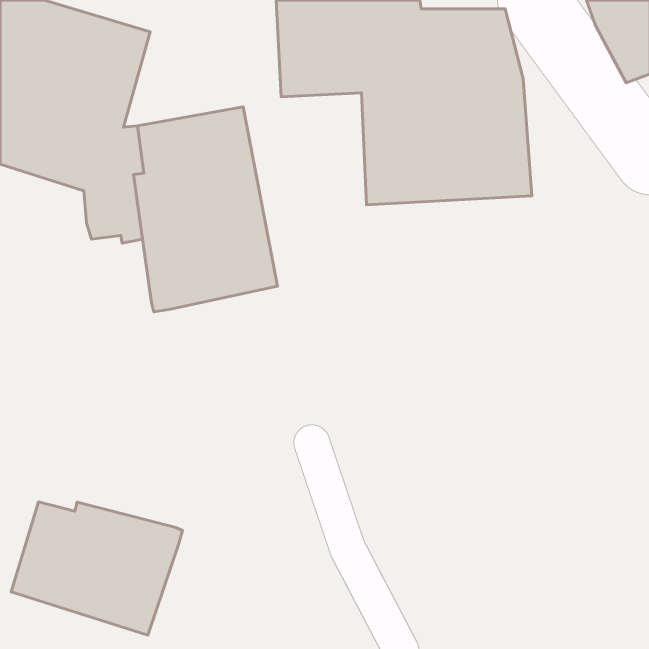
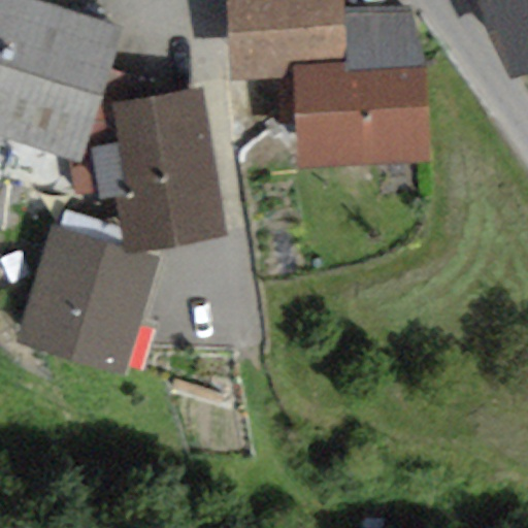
building: none -> [14,224,160,375]
building: [11,502,182,635] -> none

